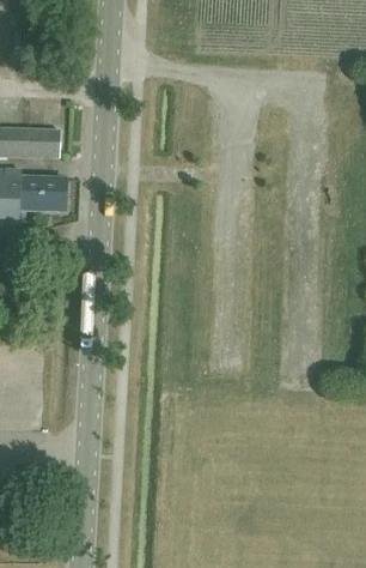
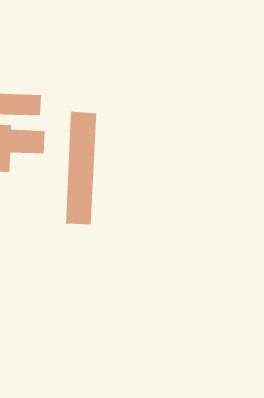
building: none -> [66,111,97,225]

